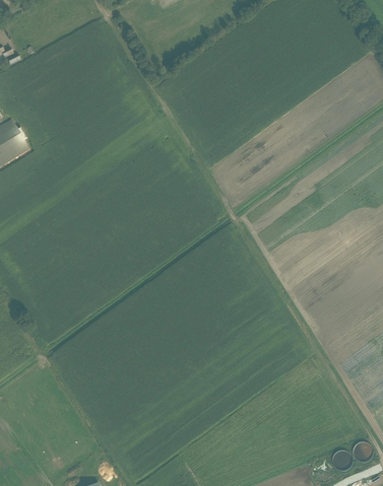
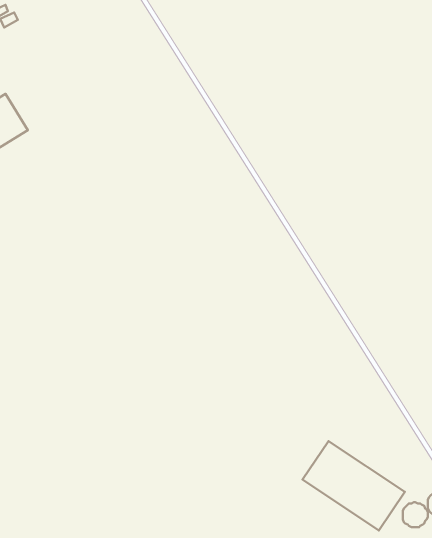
building: none -> [303,441,405,530]

